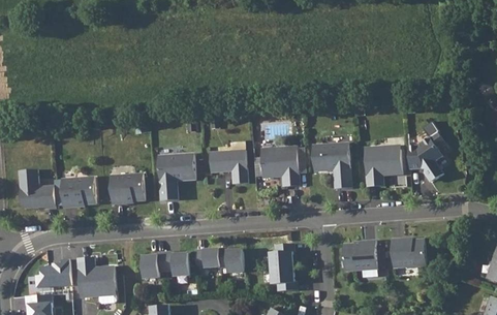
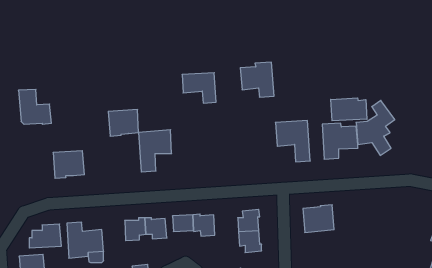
building: none -> [331,98,367,121]
building: [261,147,300,186] -> [240,62,274,97]
building: [210,150,248,184] -> [182,73,216,103]
building: [19,169,56,209] -> [18,89,51,124]
building: [111,174,145,203] -> [108,110,139,136]
building: [392,235,426,264] -> none

